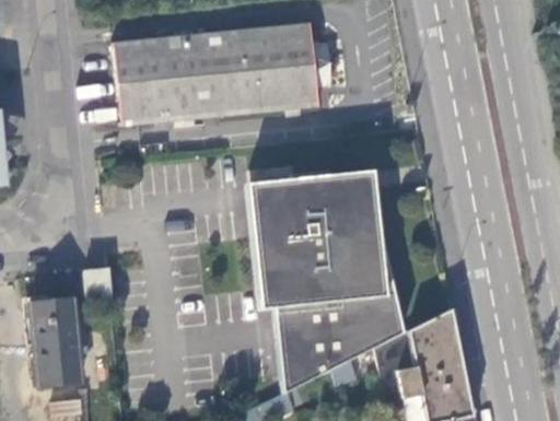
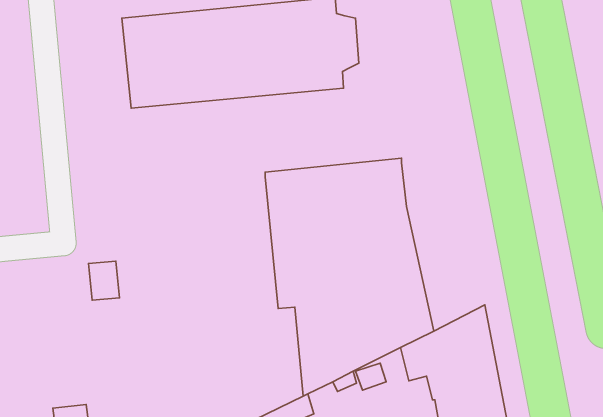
building: [33,292,86,385] -> none

